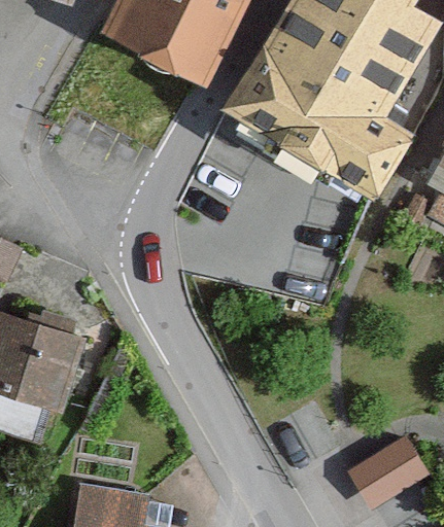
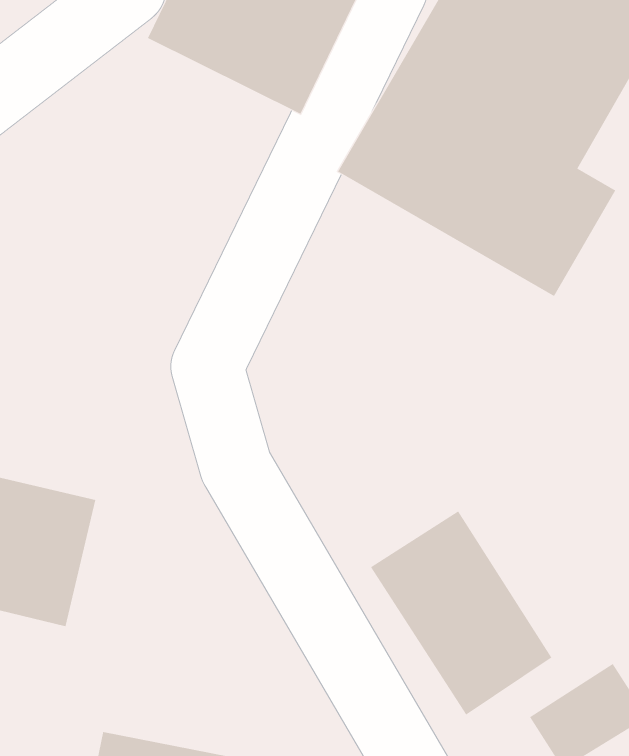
building: none -> [370,511,552,716]

